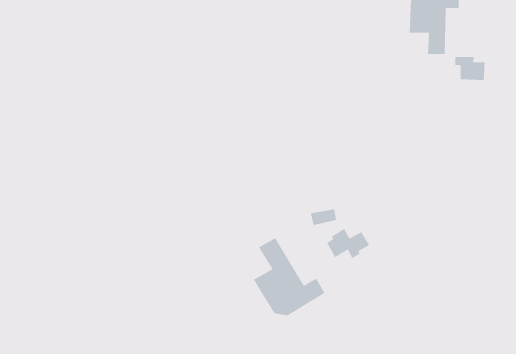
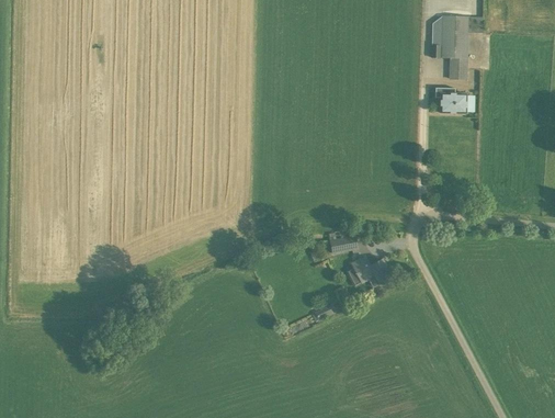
building: [454,56,486,81] -> [434,88,466,113]
building: [253,237,326,316] -> none

